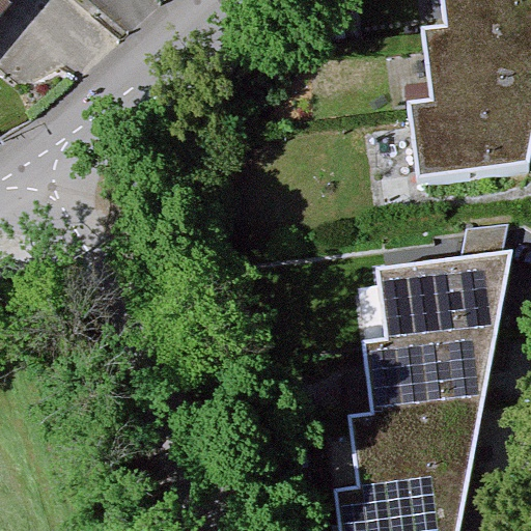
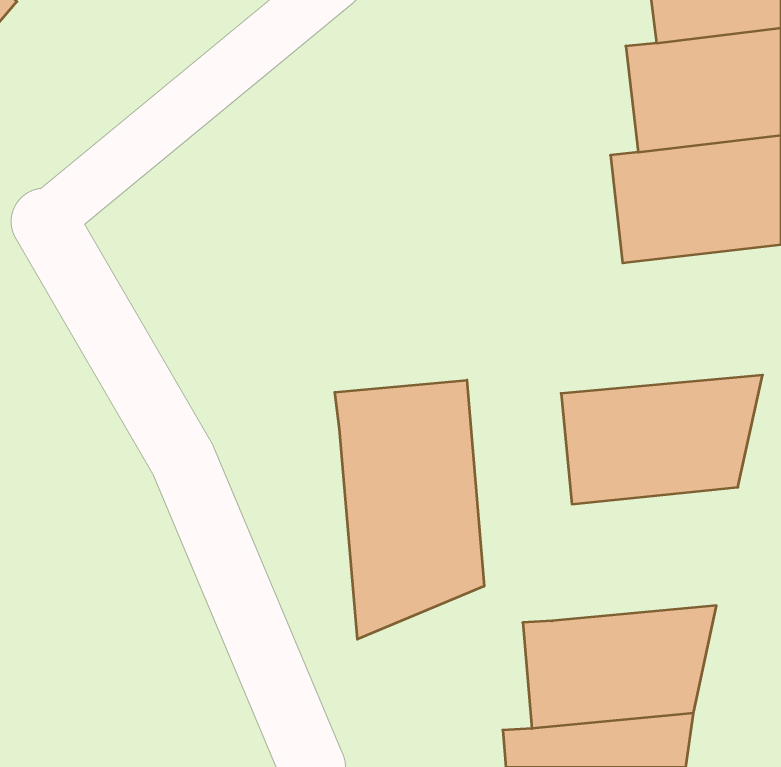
building: none -> [335,380,484,639]
building: [365,329,498,419] -> none

